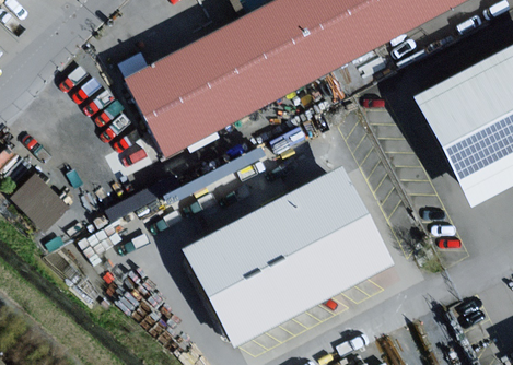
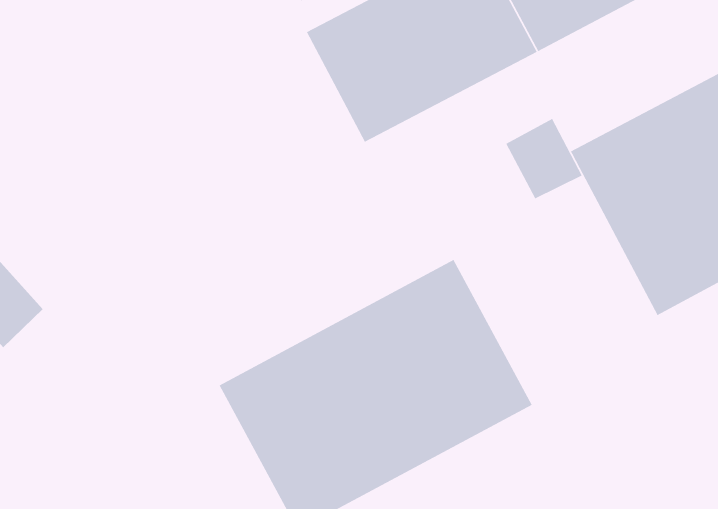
building: [129,21,279,152] -> none
building: none -> [505,118,583,200]

